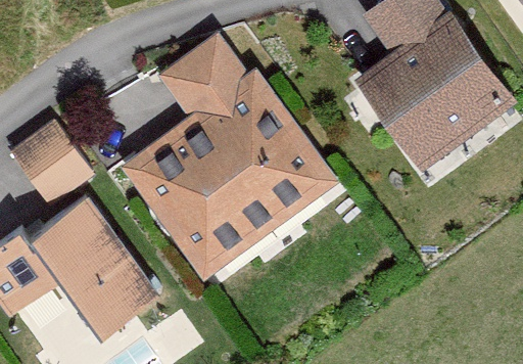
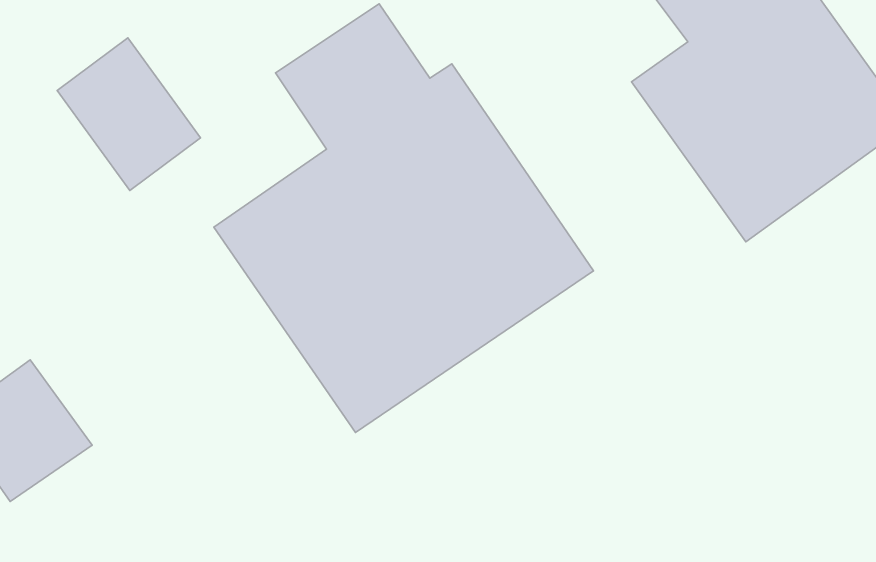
building: [9,122,90,208] -> [57,38,201,190]
building: [35,199,156,334] -> none

